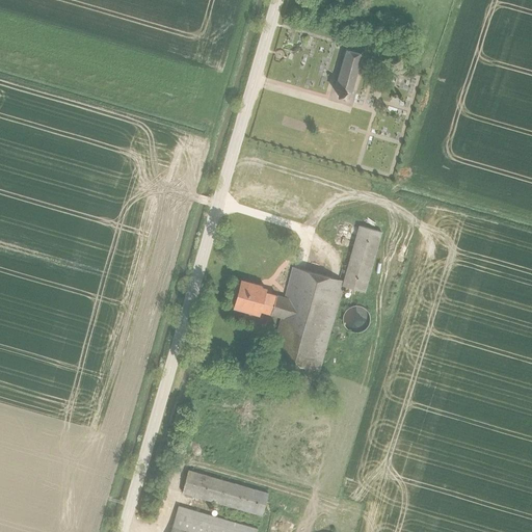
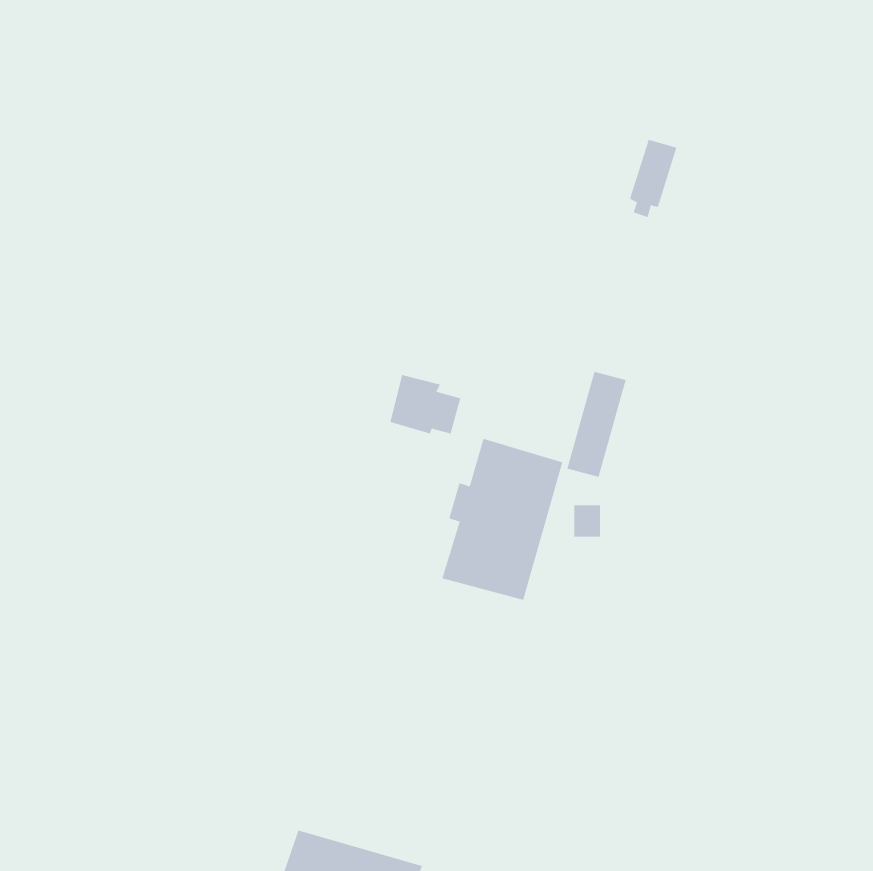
building: [329,54,358,102] -> [629,139,677,218]
building: [235,281,278,317] -> [389,374,461,434]
building: [184,471,268,514] -> none

